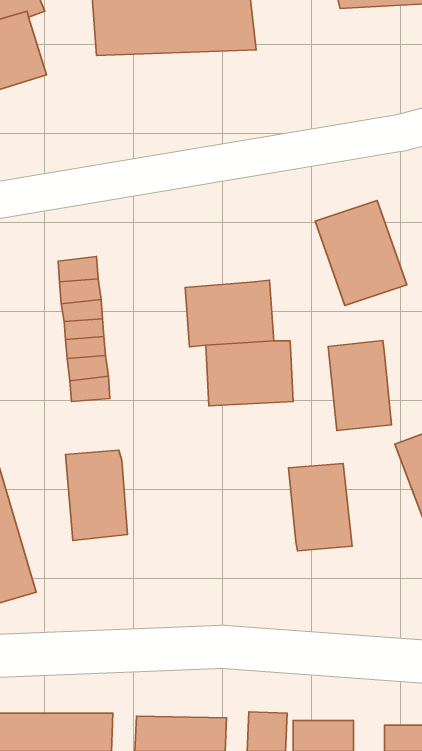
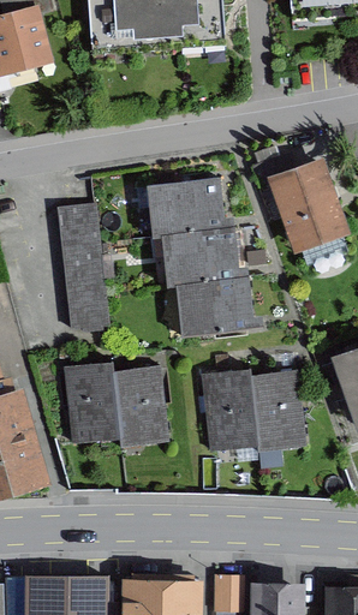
building: none -> [148,185,221,235]
building: [328,340,392,431] -> [203,372,255,446]
building: none -> [113,371,163,442]

